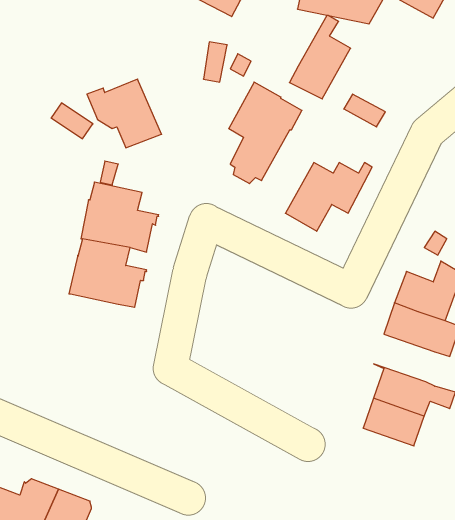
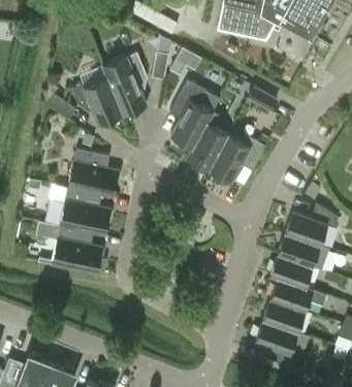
building: [289,15,351,99] -> [186,114,228,171]
building: none -> [102,55,147,117]
building: none -> [51,227,106,275]
building: none -> [269,255,313,291]
building: none -> [254,320,309,368]

